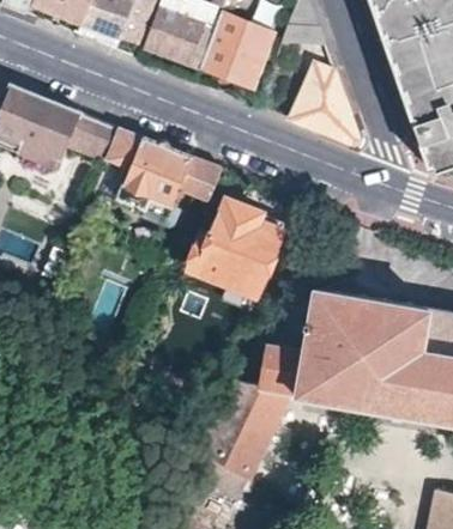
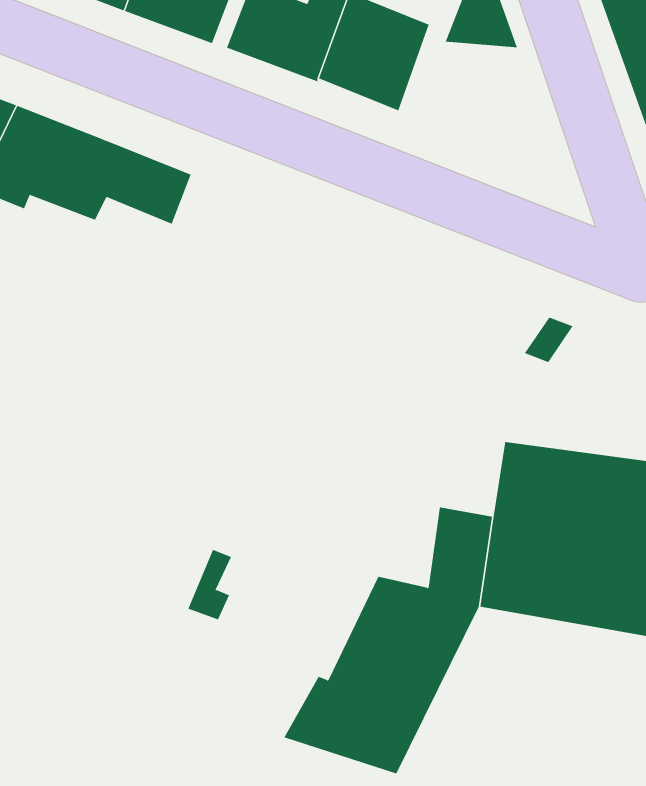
building: [290,72,358,146] -> none
building: [97,128,224,209] -> none
building: [192,200,283,293] -> none

